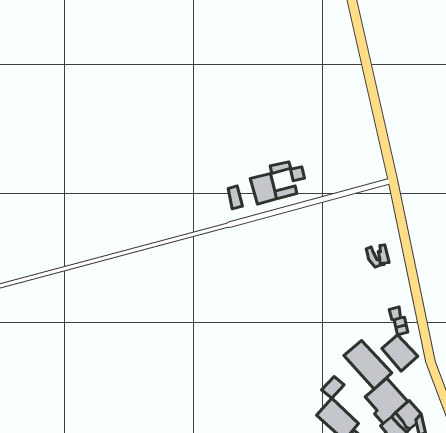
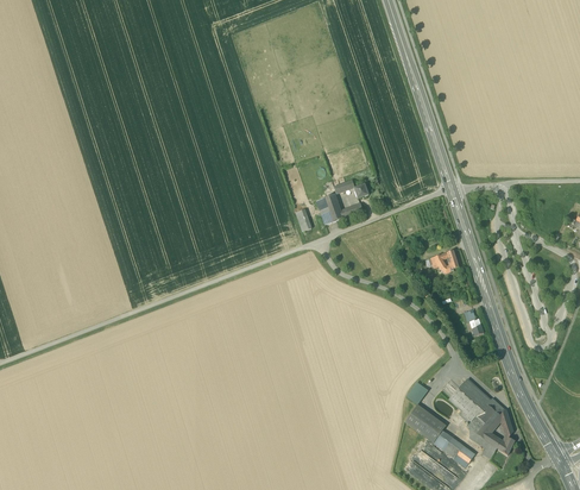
building: [382,335,418,371] -> none
building: [344,340,392,389] -> none

